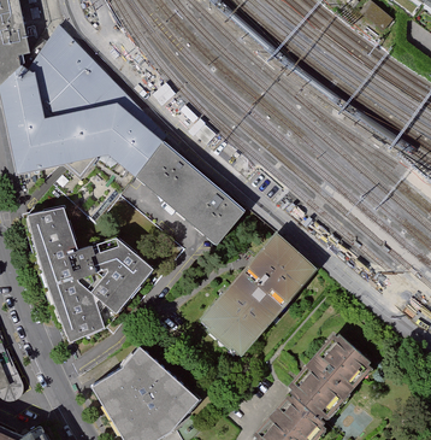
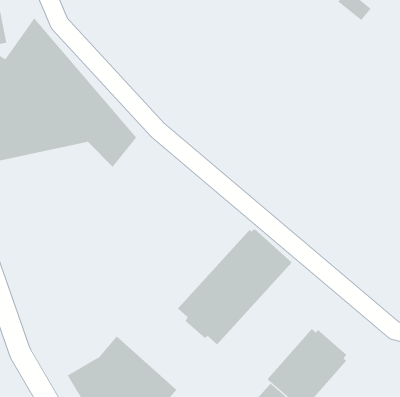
building: [136,147,240,244] -> none
building: [34,205,161,341] -> none

